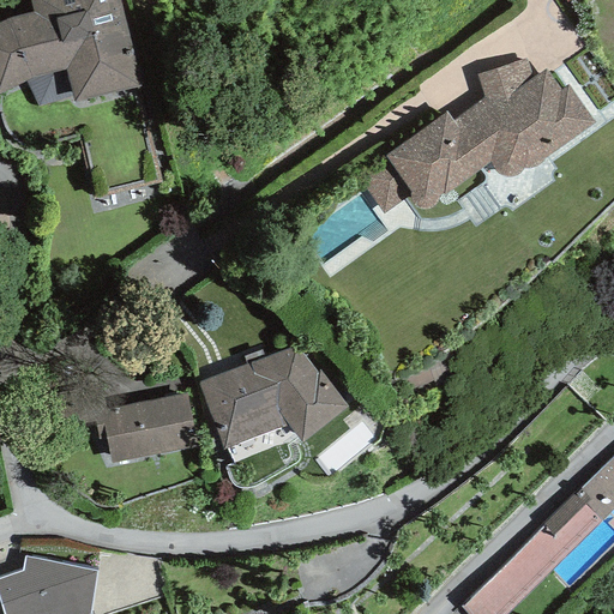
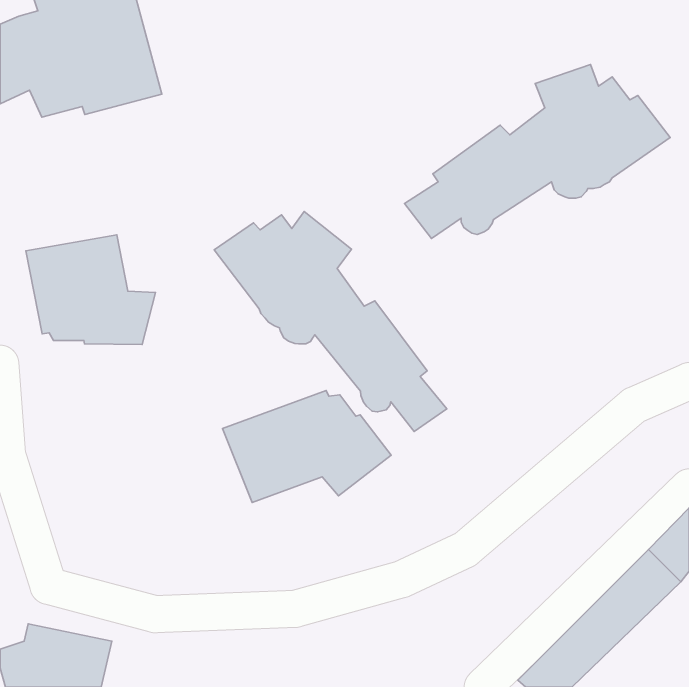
building: none -> [214,211,447,432]
building: none -> [26,235,155,344]
building: [47,385,197,463] -> none

